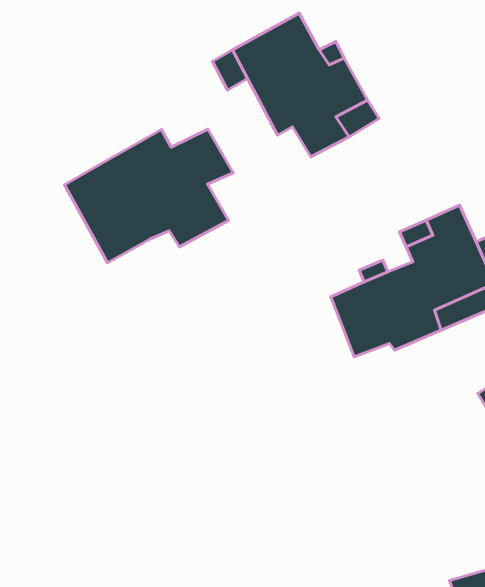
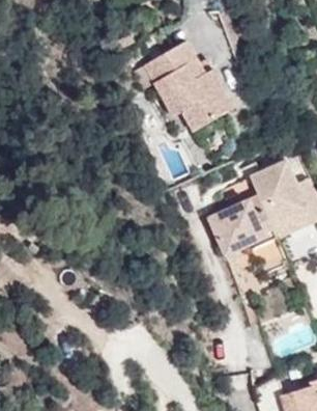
building: [65,129,233,263] -> none

